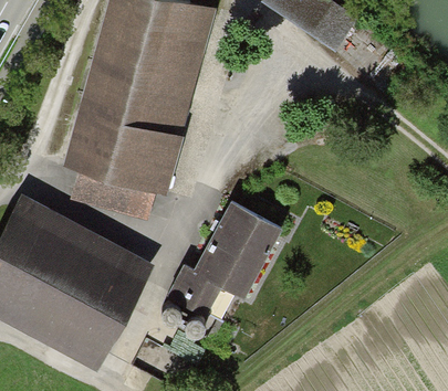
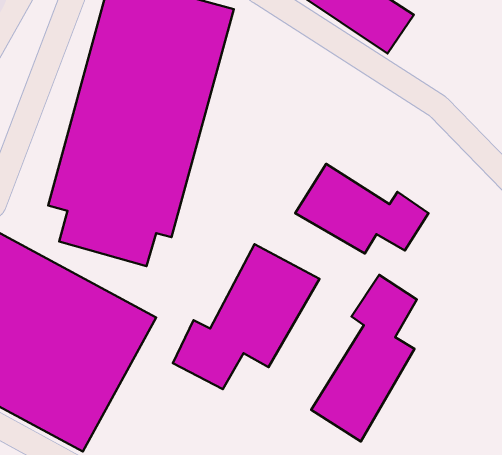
building: none -> [295,164,429,254]
building: none -> [311,275,417,442]

